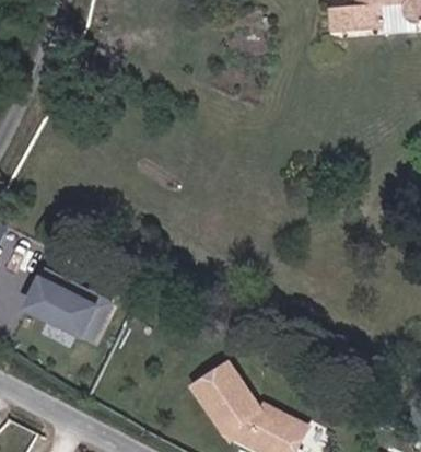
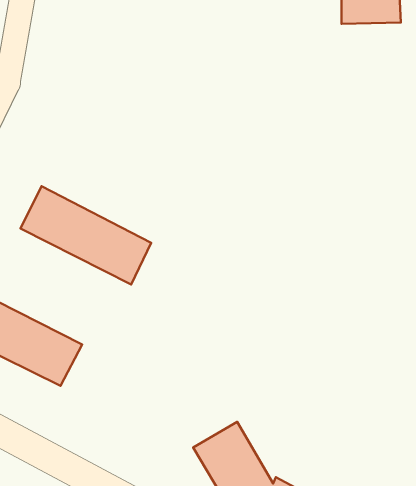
building: none -> [20,186,151,285]

